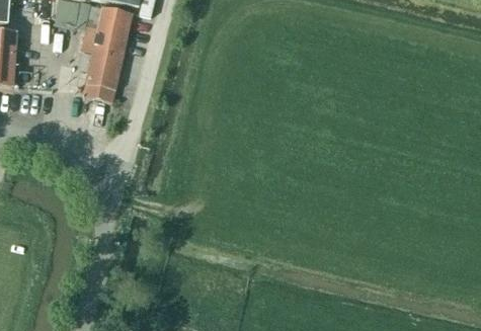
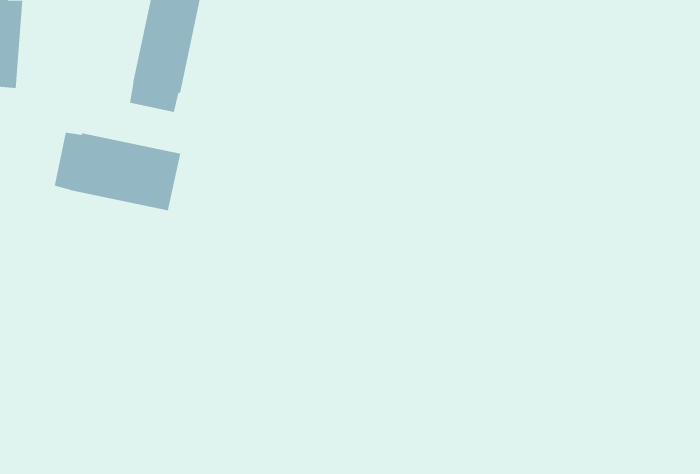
building: none -> [54,132,181,211]

